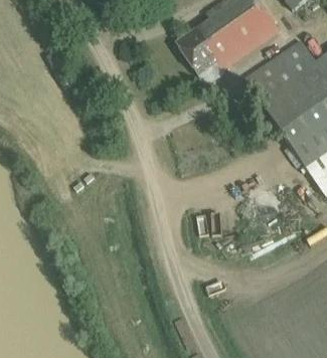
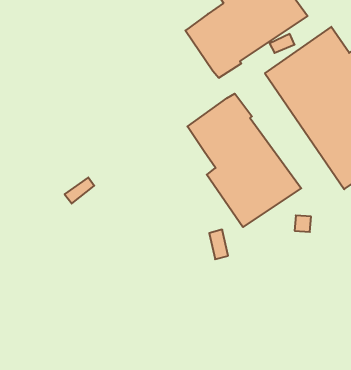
building: none -> [187,94,301,227]

